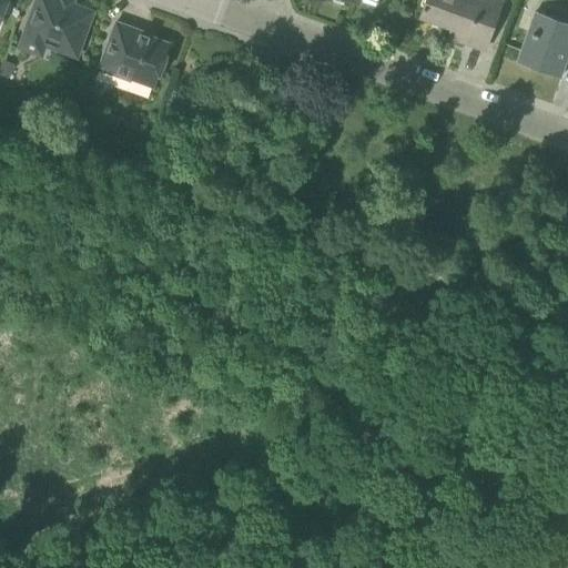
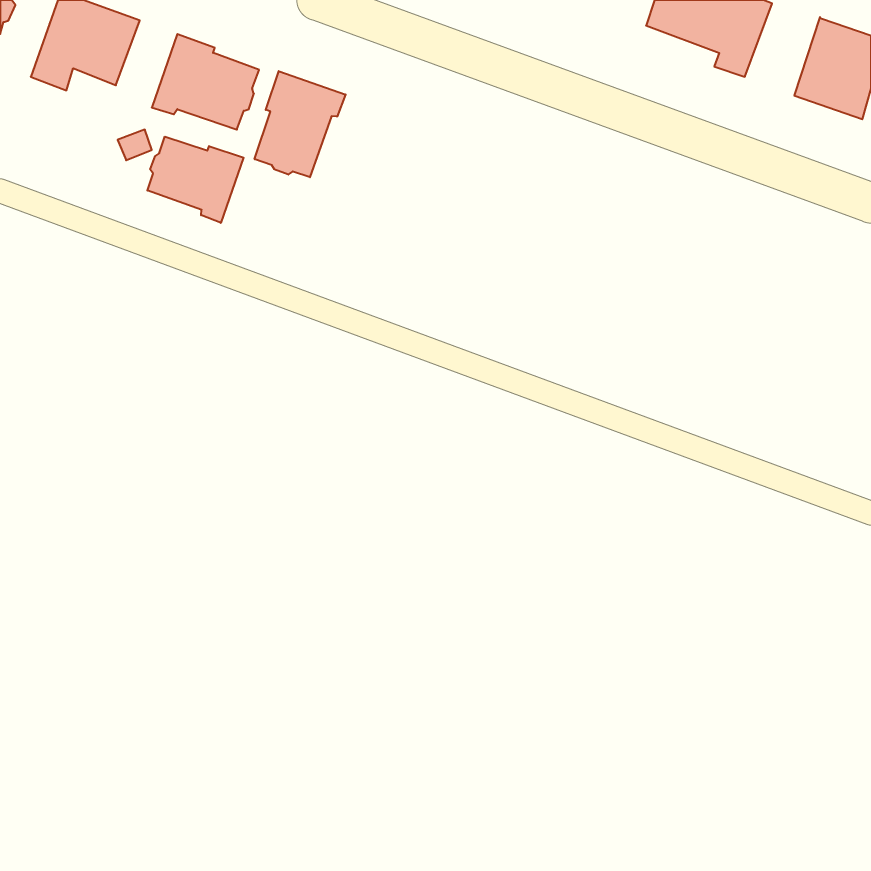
building: none -> [255,71,346,177]
building: none -> [147,137,244,223]

